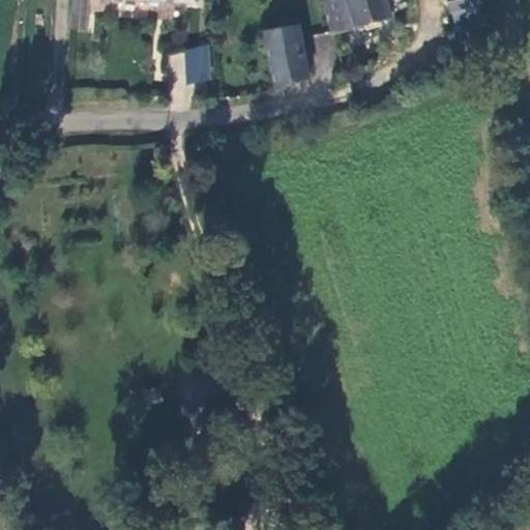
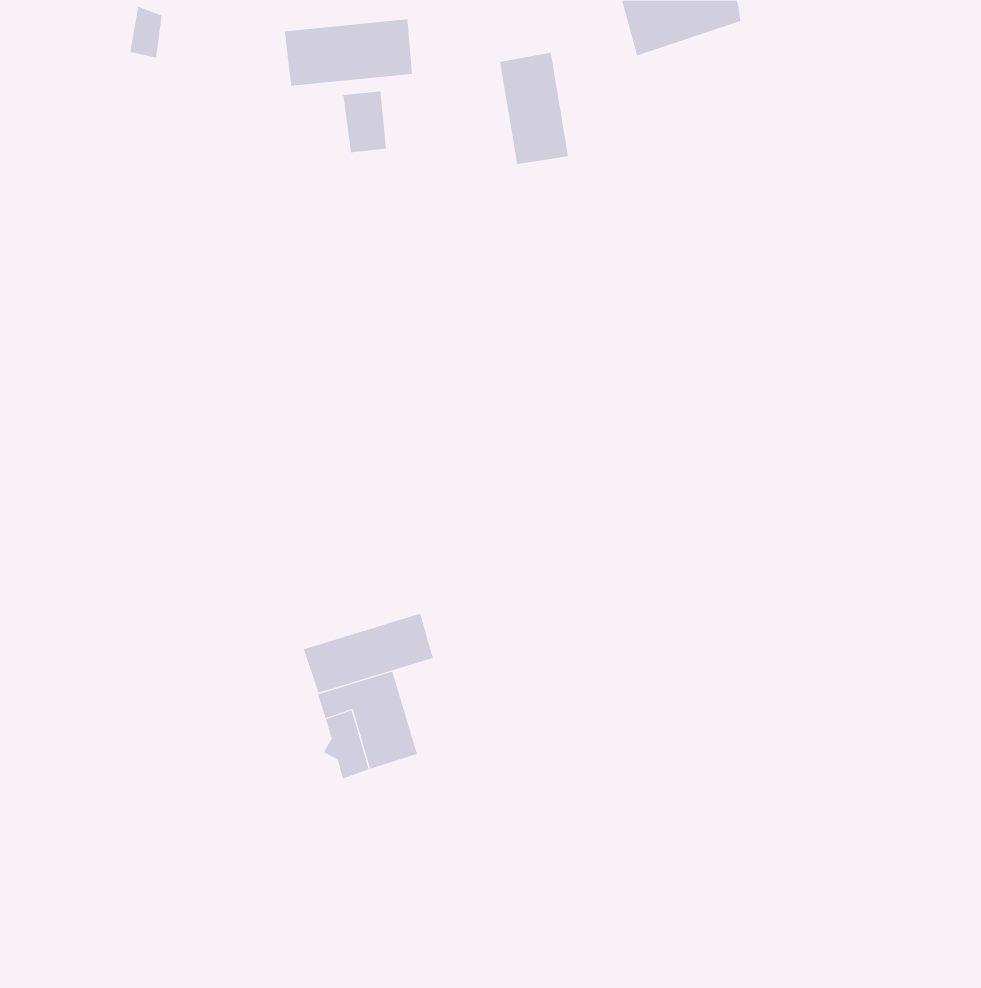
building: none -> [284,18,412,86]
building: none -> [303,613,433,694]

